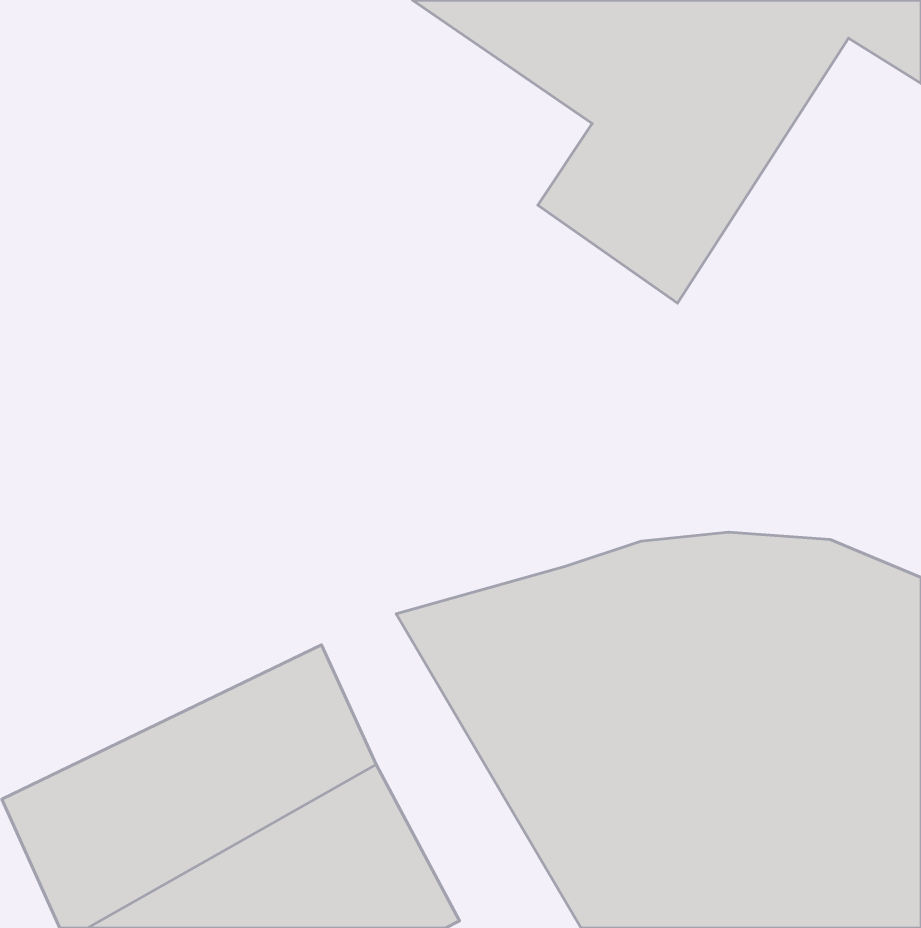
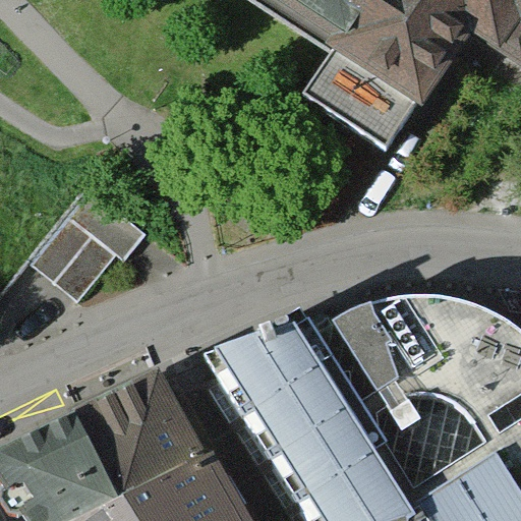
building: none -> [25,190,141,298]

